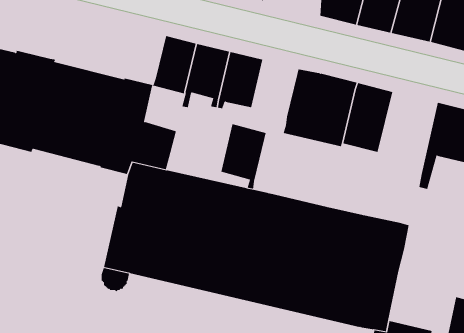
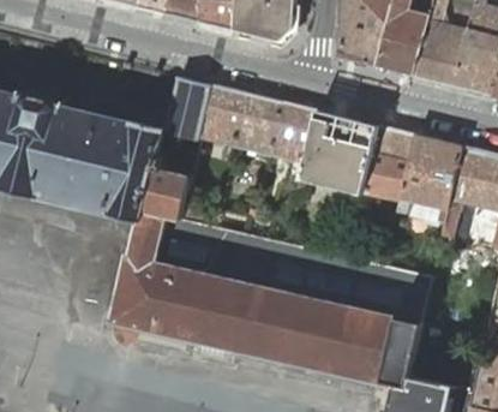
building: none -> [396,136,460,222]
building: [220,124,266,189] -> [266,102,314,171]

